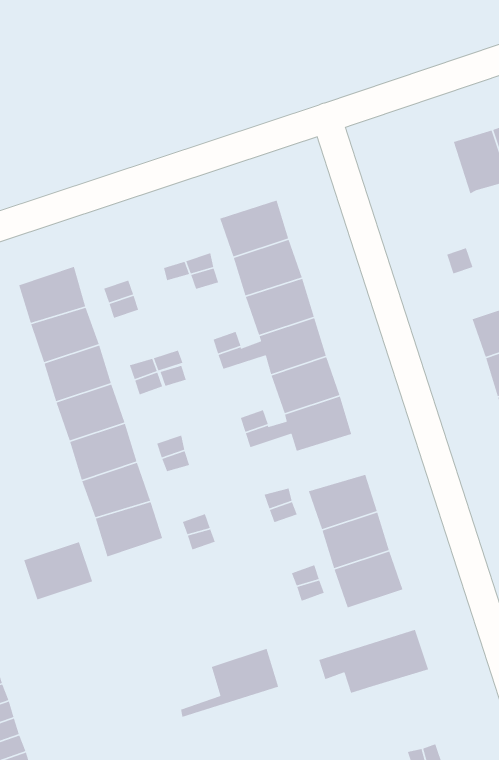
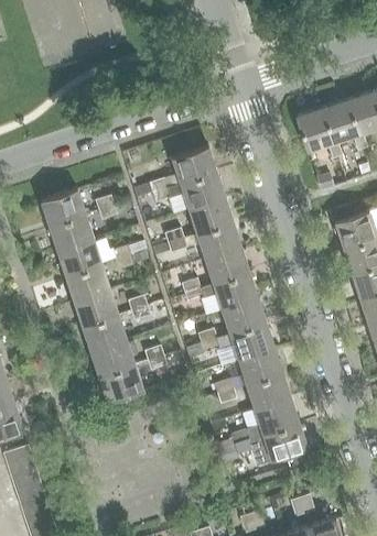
building: none -> [294,106,342,156]
building: none -> [219,295,265,331]
building: [23,541,93,601] -> [97,362,142,401]
building: [180,648,279,718] -> [233,395,297,440]

